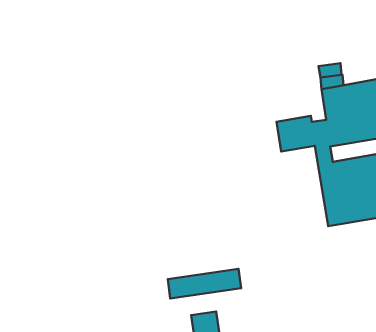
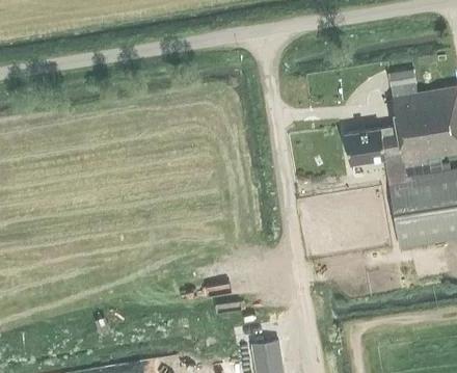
building: [168,269,241,298] -> none

